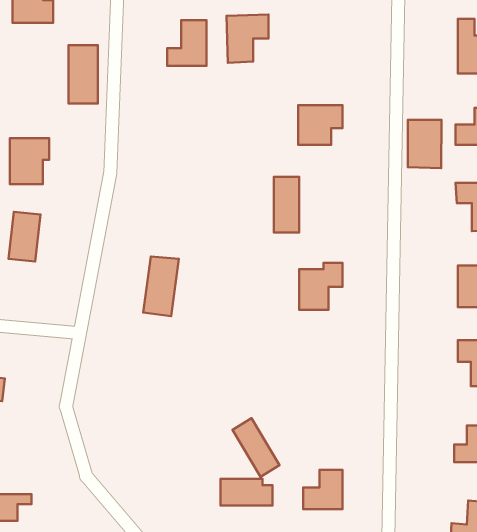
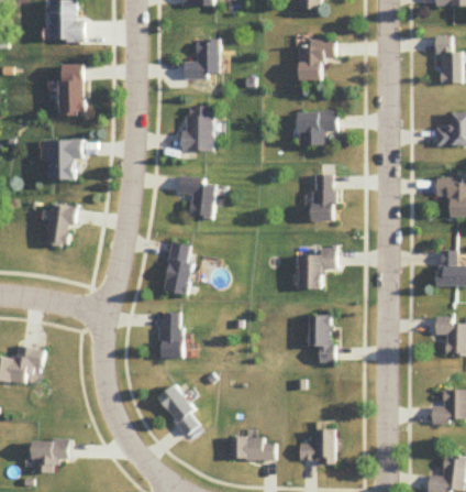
building: [226,14,268,63] -> [298,39,334,80]
building: [69,45,98,104] -> [58,64,84,114]
building: none -> [184,106,212,152]
building: [408,120,441,168] -> none
building: [274,177,299,233] -> [311,173,333,221]
building: none -> [178,175,215,219]
building: none -> [159,311,181,357]
building: none -> [309,314,332,360]
building: [232,418,279,477] -> [158,383,199,434]

